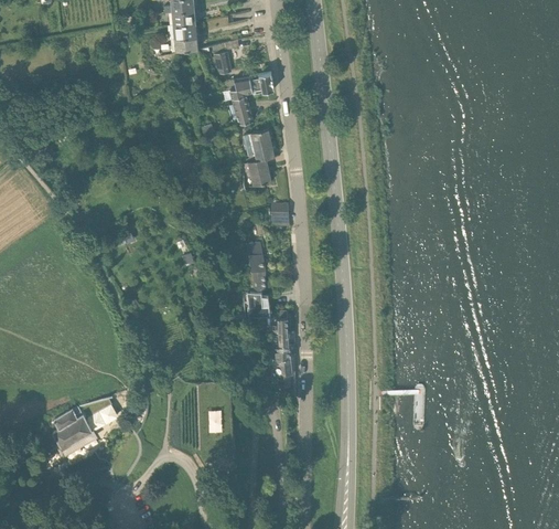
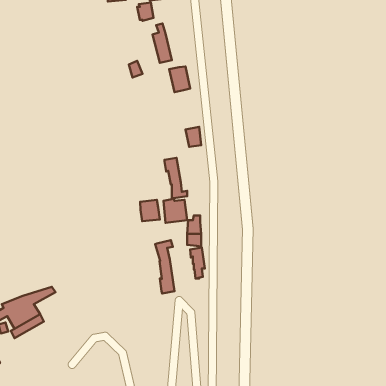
building: [241,73,275,95] -> none
building: [247,159,271,188] -> none
building: none -> [140,200,160,221]
building: none -> [155,240,174,293]

